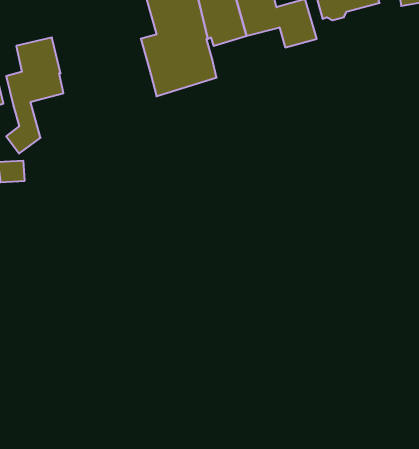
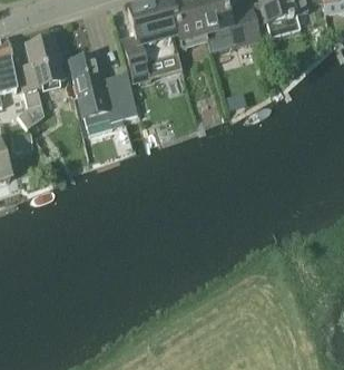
building: none -> [69,52,139,134]

